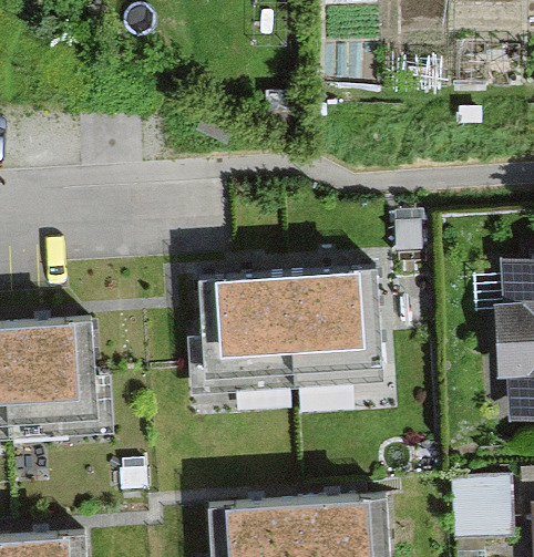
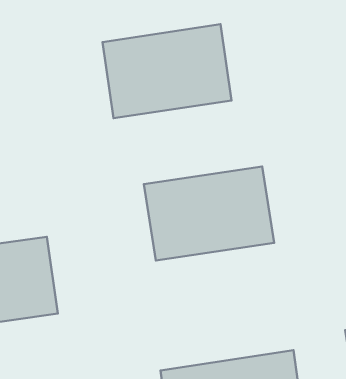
building: none -> [102,24,232,118]

